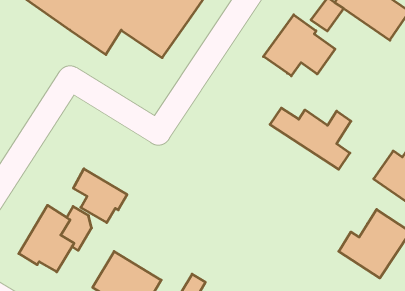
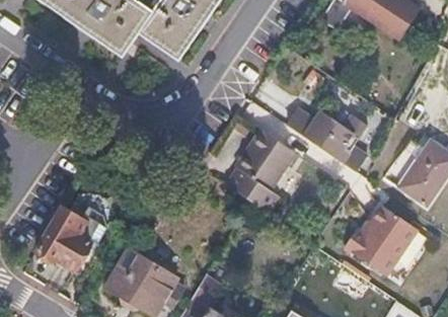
building: [263,15,335,76] -> none
building: none -> [231,135,299,216]
building: [73,169,127,223] -> none

